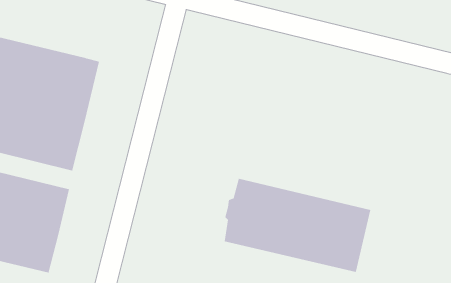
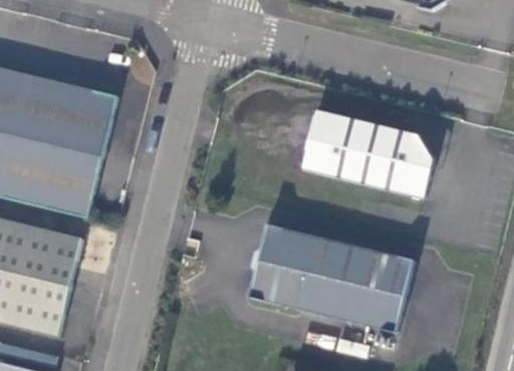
building: none -> [302,105,437,205]

